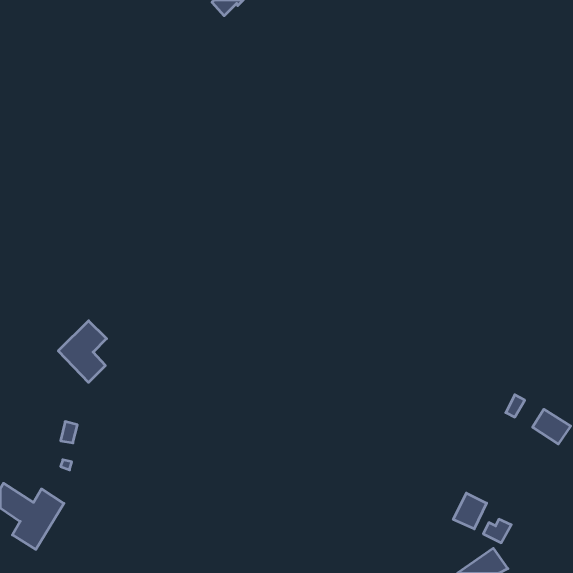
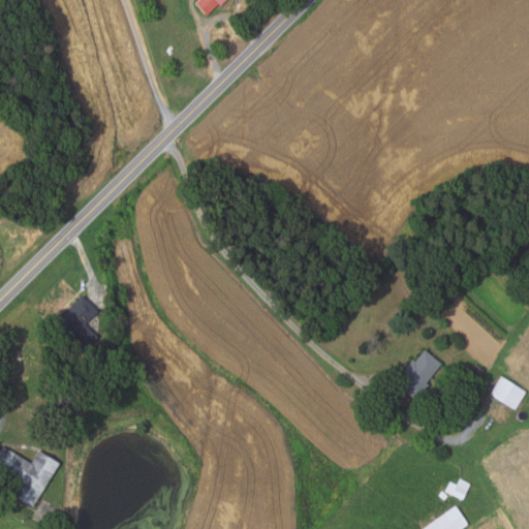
building: none -> [397,347,441,401]
building: [453,493,487,529] -> none

